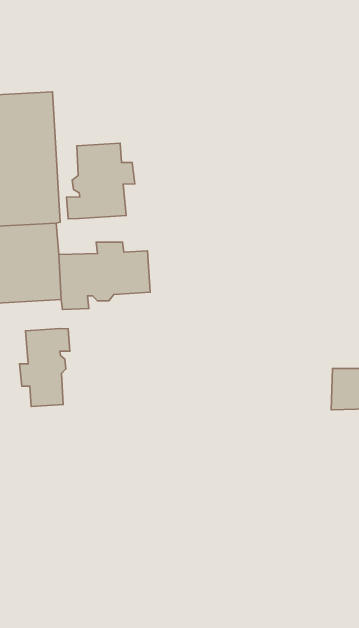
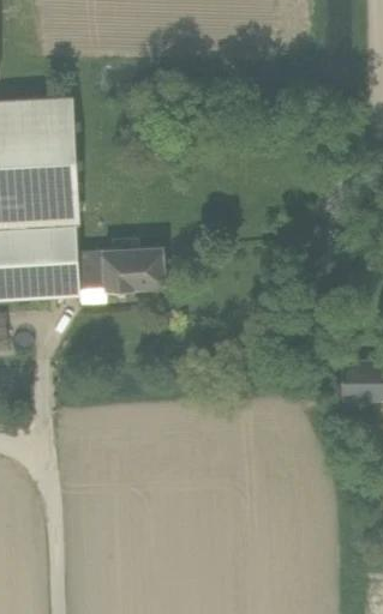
building: [67,143,135,219] -> none
building: [19,329,70,406] -> none

